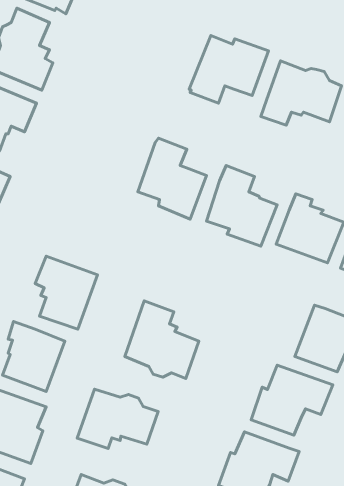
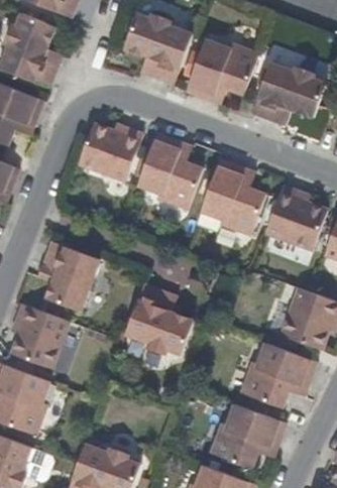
building: none -> [121,14,191,85]
building: none -> [78,124,142,181]
building: [77,389,158,449] -> none

